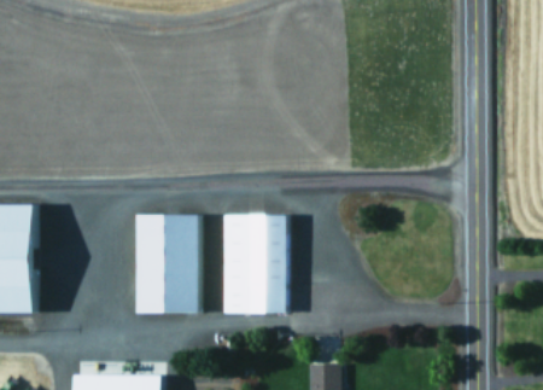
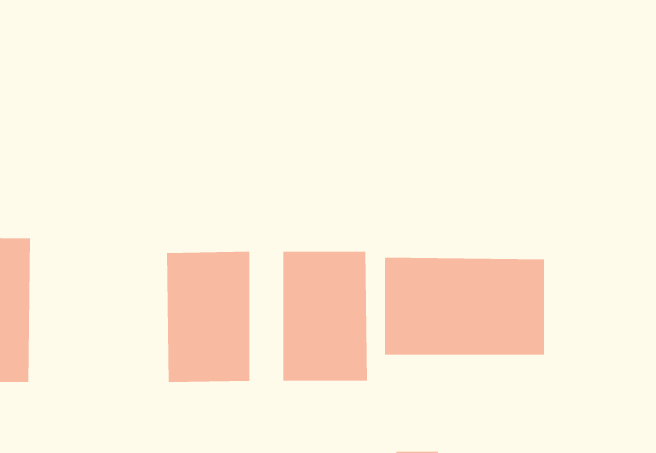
building: none -> [384,257,545,355]

